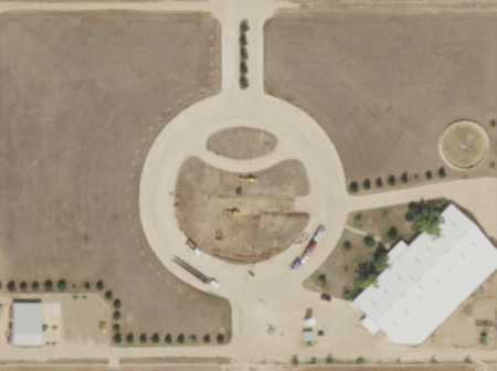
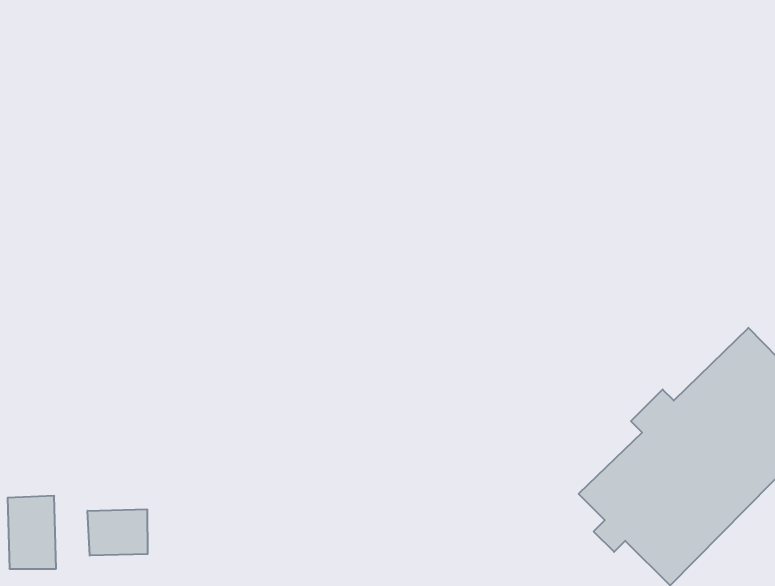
building: none -> [88,509,148,556]

